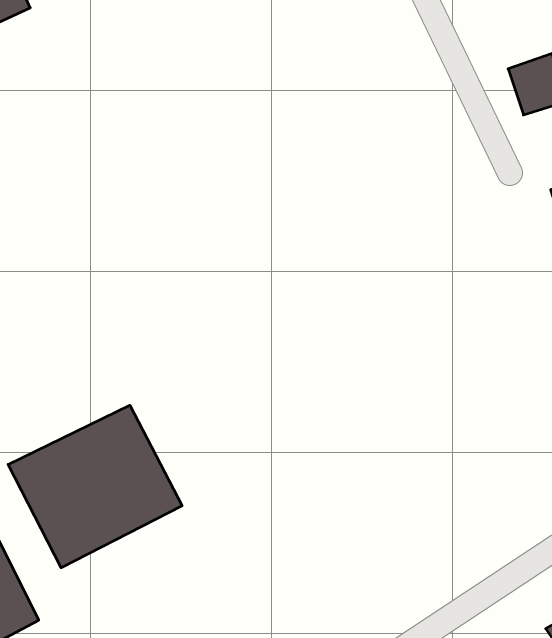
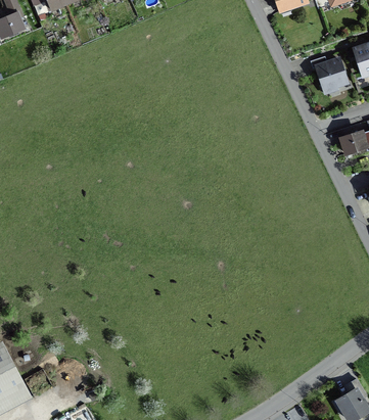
building: [8,405,182,568] -> none

